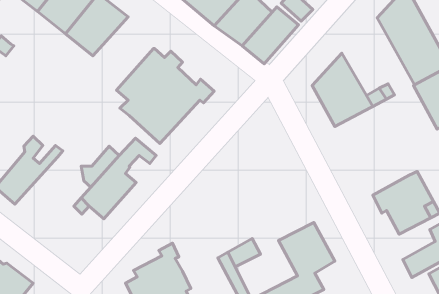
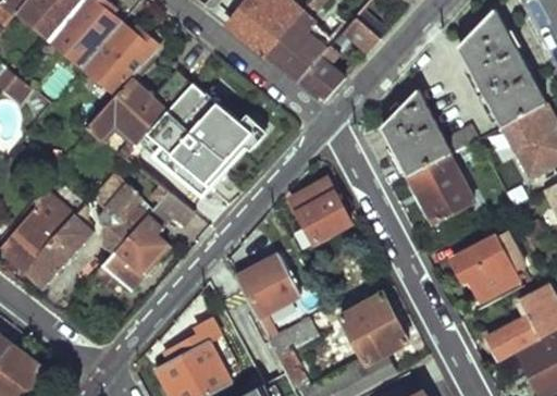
building: none -> [87,71,189,157]
building: none -> [407,154,475,223]
building: none -> [91,170,140,225]
building: none -> [290,175,351,240]
building: none -> [23,214,94,286]
building: none -> [235,251,299,313]

